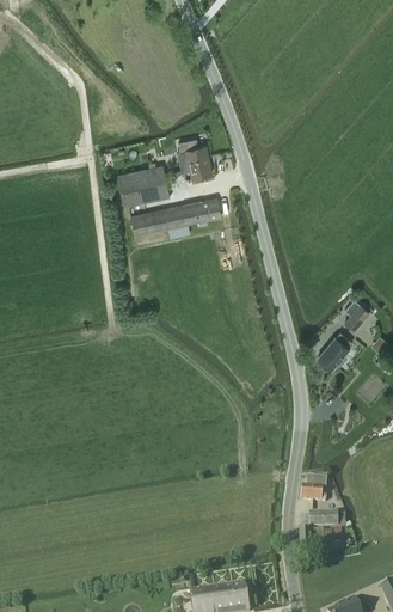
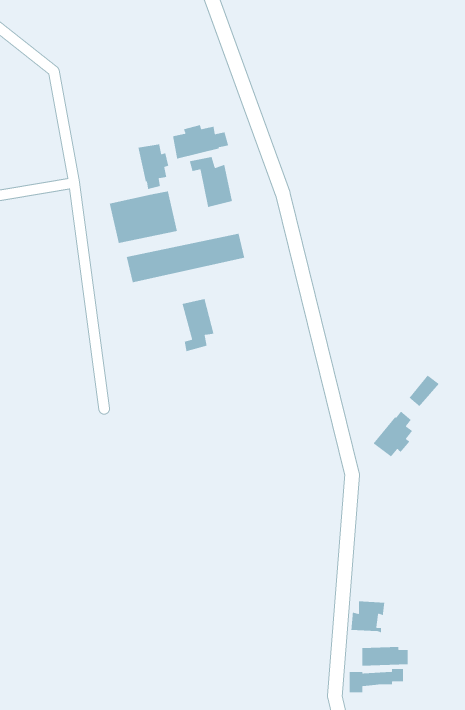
building: none -> [172,124,229,160]
building: none -> [137,144,169,190]
building: none -> [182,298,214,352]

